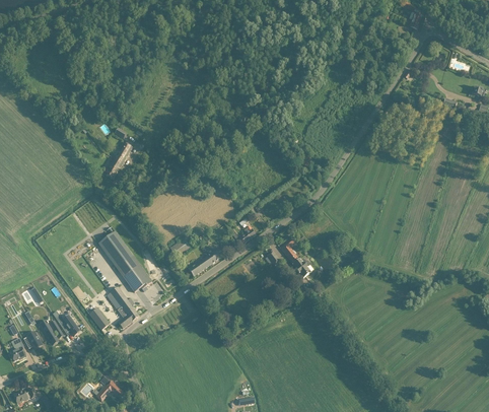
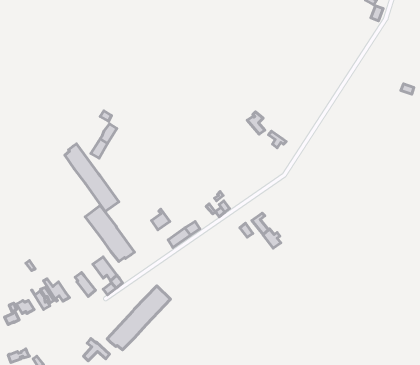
building: none -> [65,144,119,211]
building: none -> [107,286,171,350]

